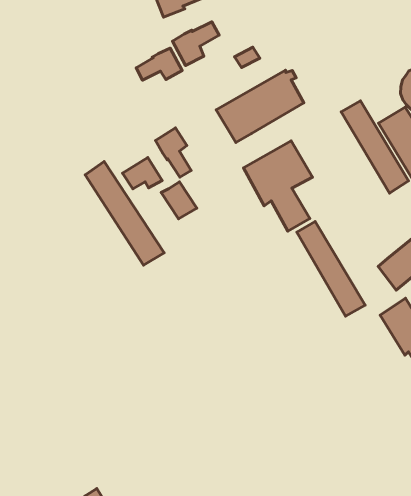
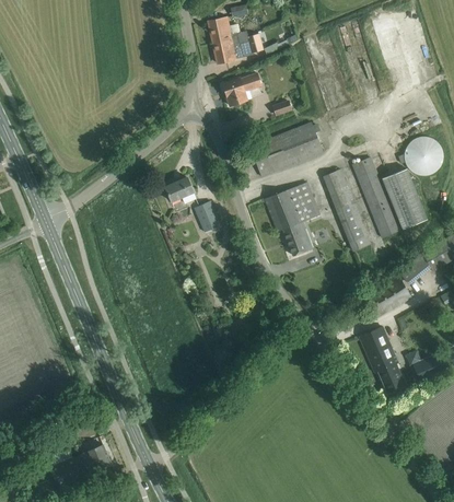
building: [136,48,182,80] -> none
building: [156,128,191,177] -> none
building: [85,162,164,265] -> none
building: [297,221,365,316] -> [323,170,370,252]

